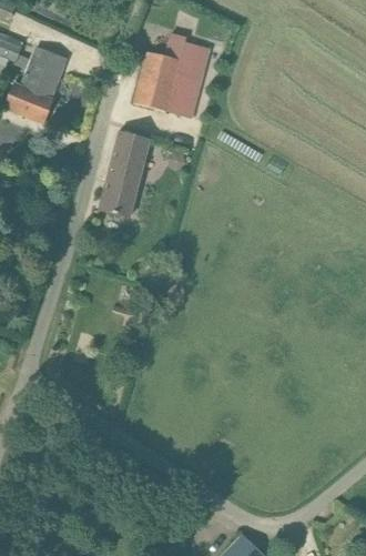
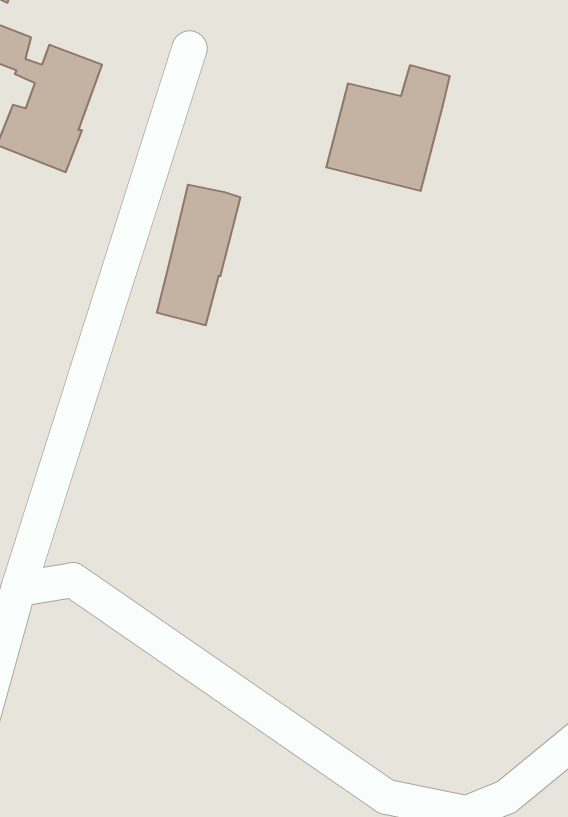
building: [134,41,210,118] -> [326,65,450,191]

